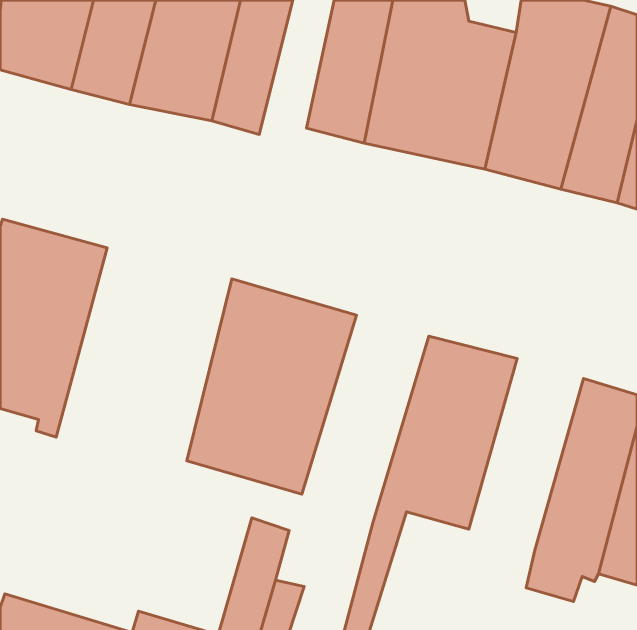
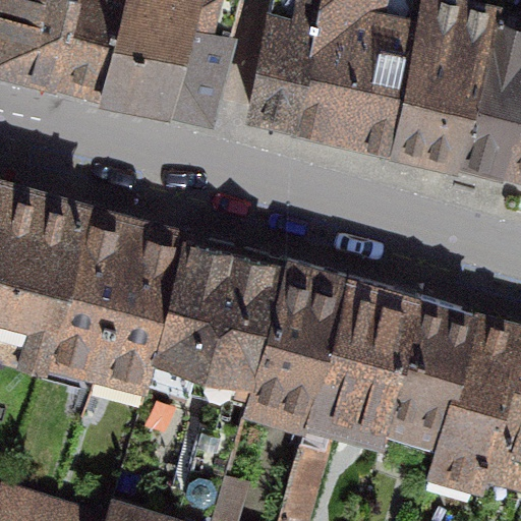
building: none -> [46,208,189,396]
building: none -> [244,263,350,432]
building: none -> [383,298,476,455]

